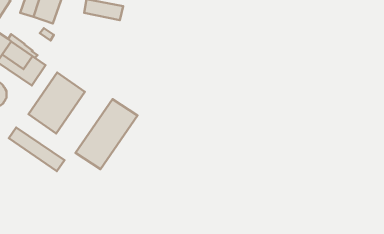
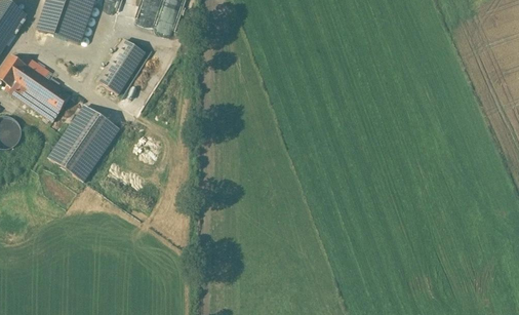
building: none -> [96,37,145,93]
building: [76,99,137,169] -> none
building: [9,128,65,171] -> none

